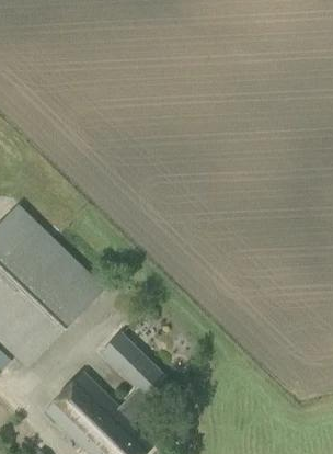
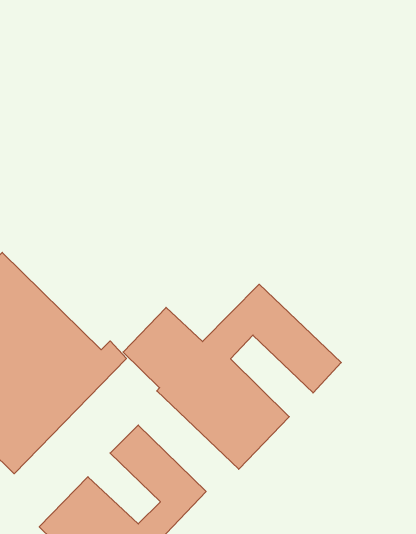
building: none -> [123,284,341,469]

